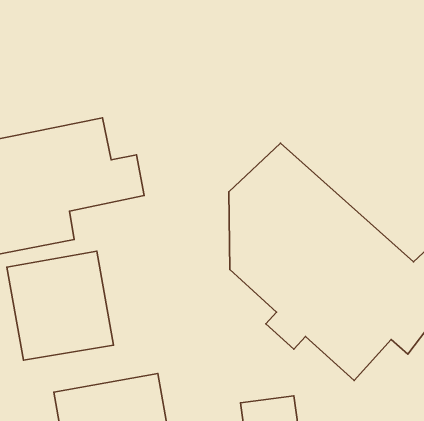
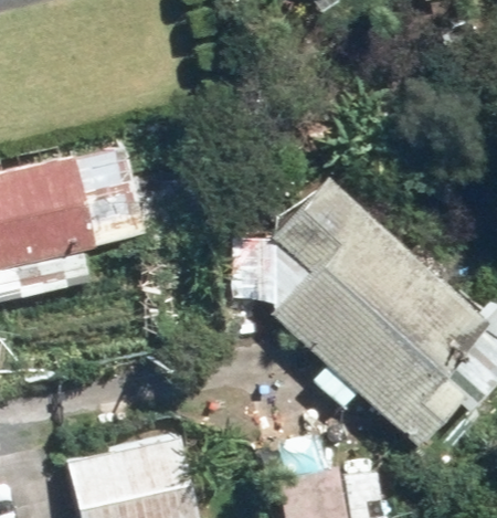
building: [7,251,114,360] -> none

